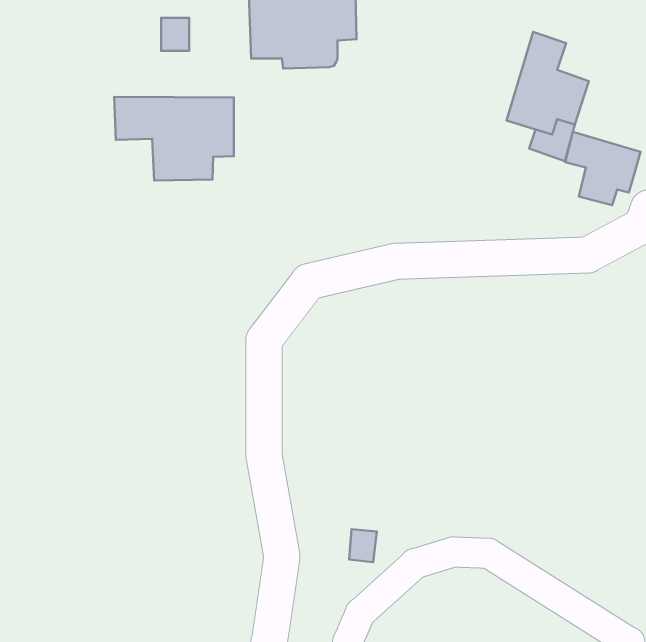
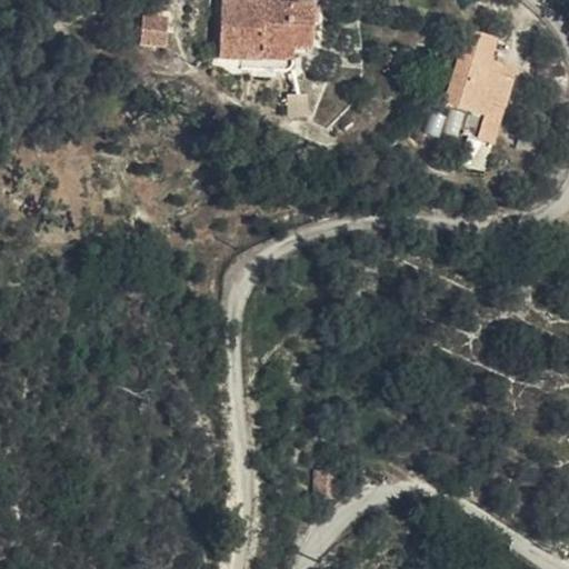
building: [114,97,234,180] -> none
building: [565,132,641,205] -> none

